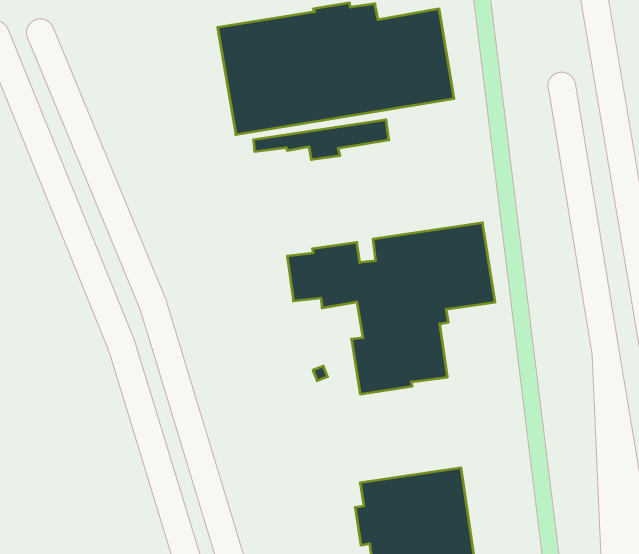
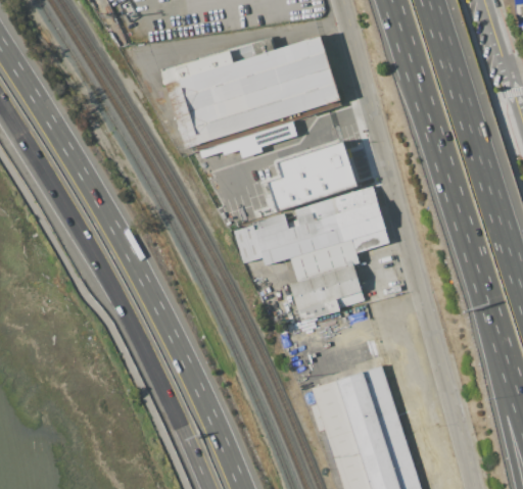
building: none -> [270,140,358,208]

